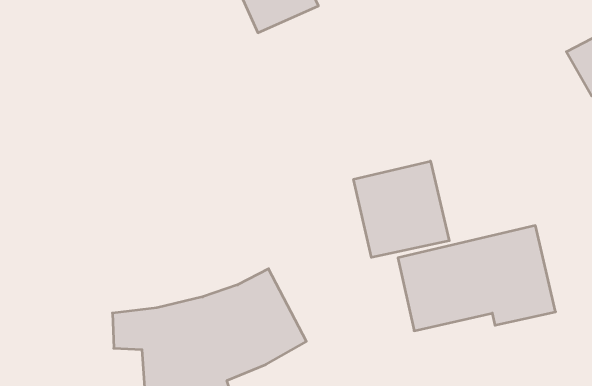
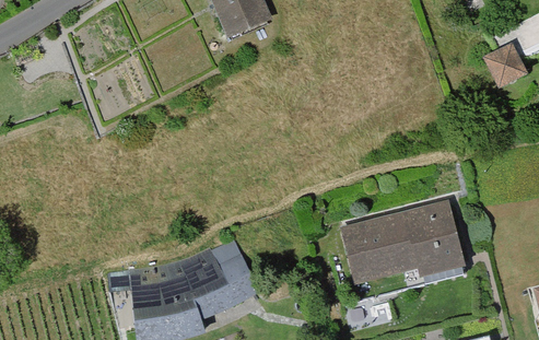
building: [354,161,449,257] -> none

